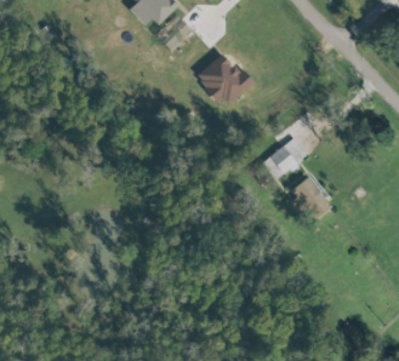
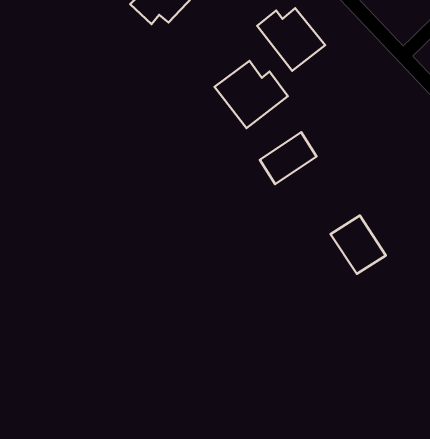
building: none -> [257,8,325,71]
building: [262,138,307,179] -> [260,132,316,184]

